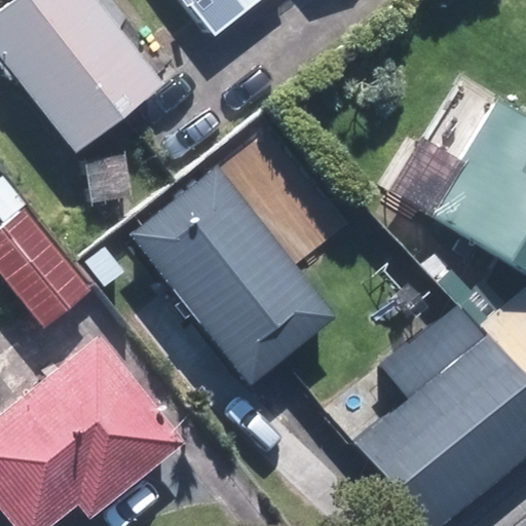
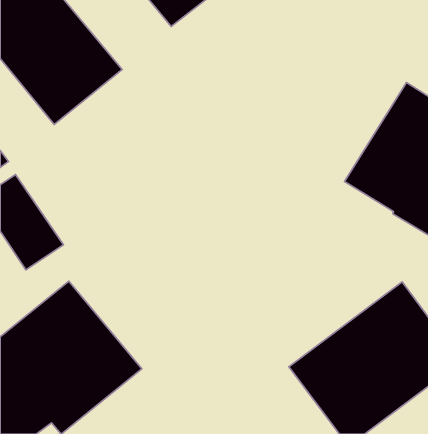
building: [125,165,333,384] -> none

